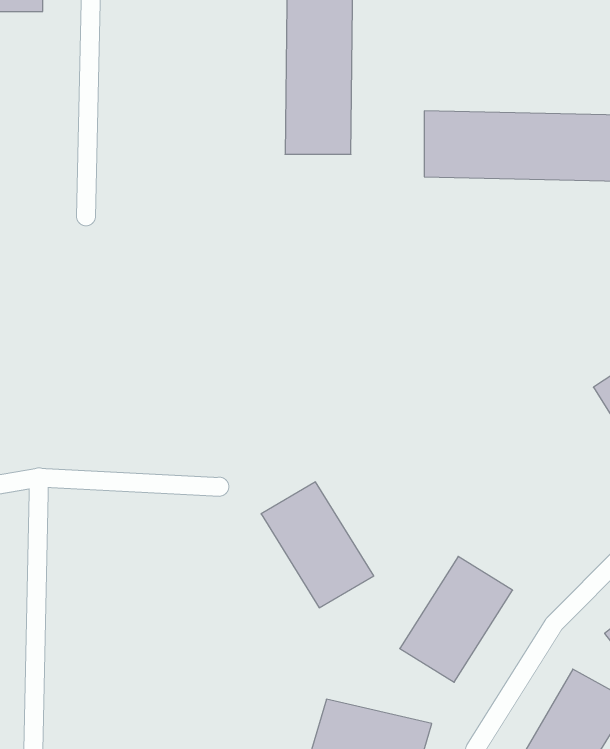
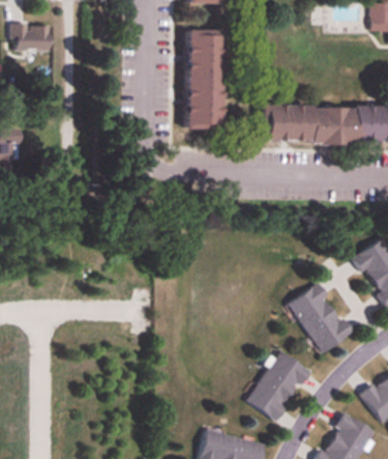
building: [261,482,374,608] -> [291,283,353,352]

